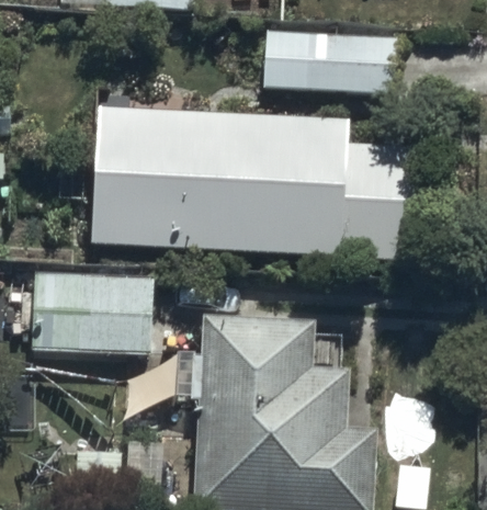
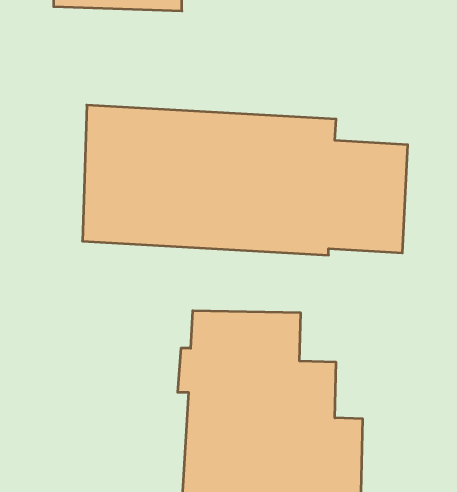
building: [258,21,390,92] -> none
building: [31,265,154,352] -> none

